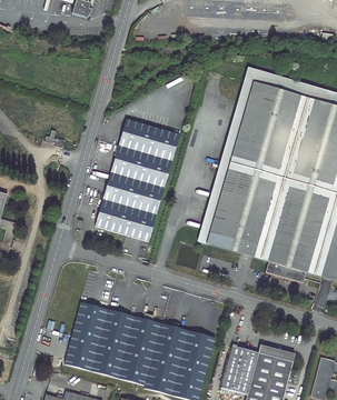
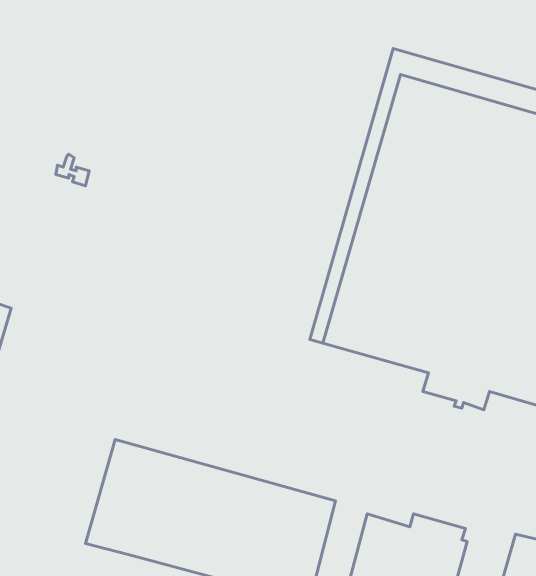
building: [93,119,180,242] -> none

